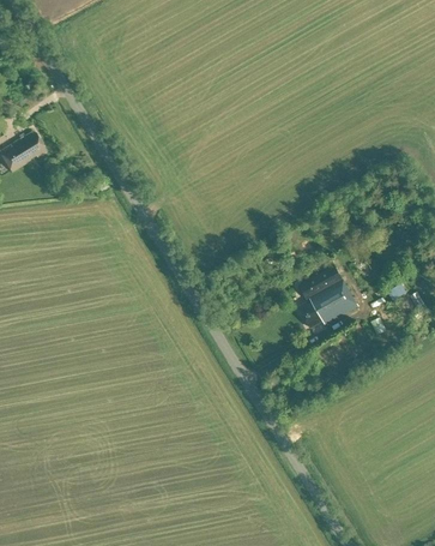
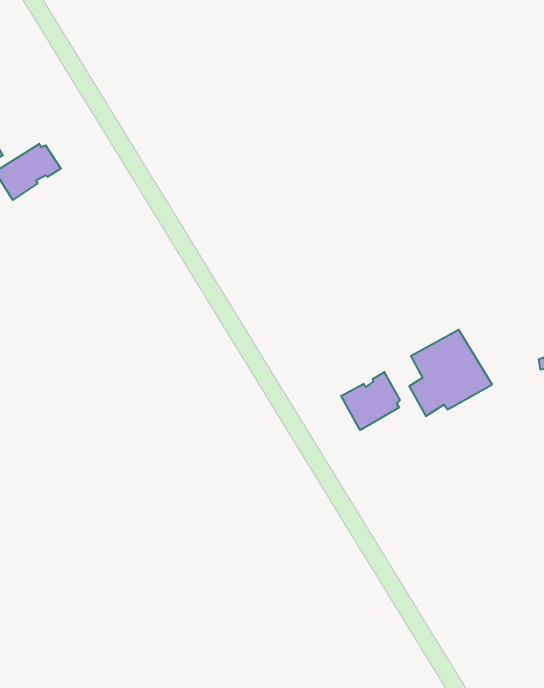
building: none -> [341,372,400,430]

